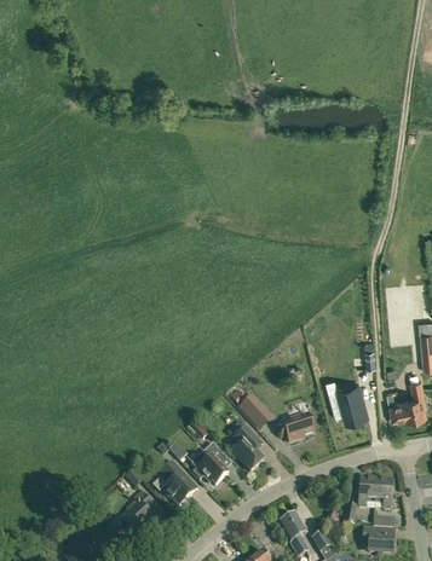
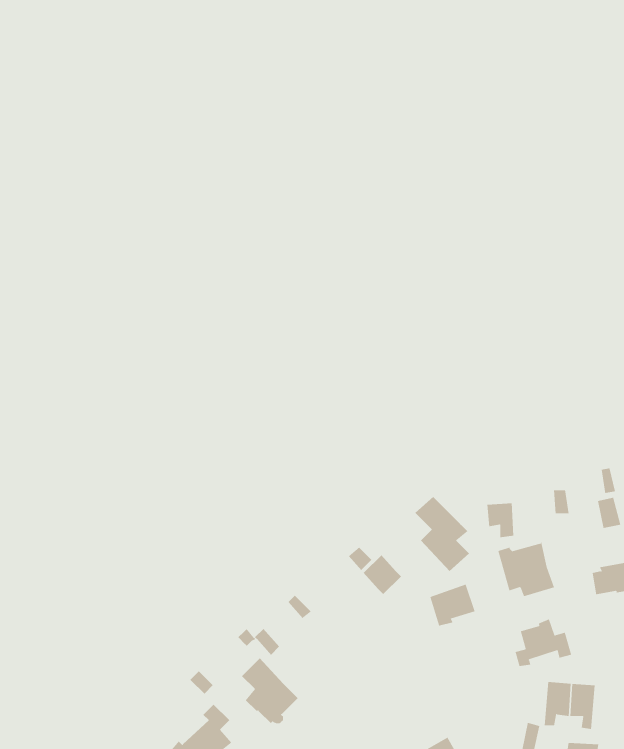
building: [227,421,264,470] -> [415,496,470,572]
building: none -> [515,619,572,667]
building: [191,443,229,484] -> none

